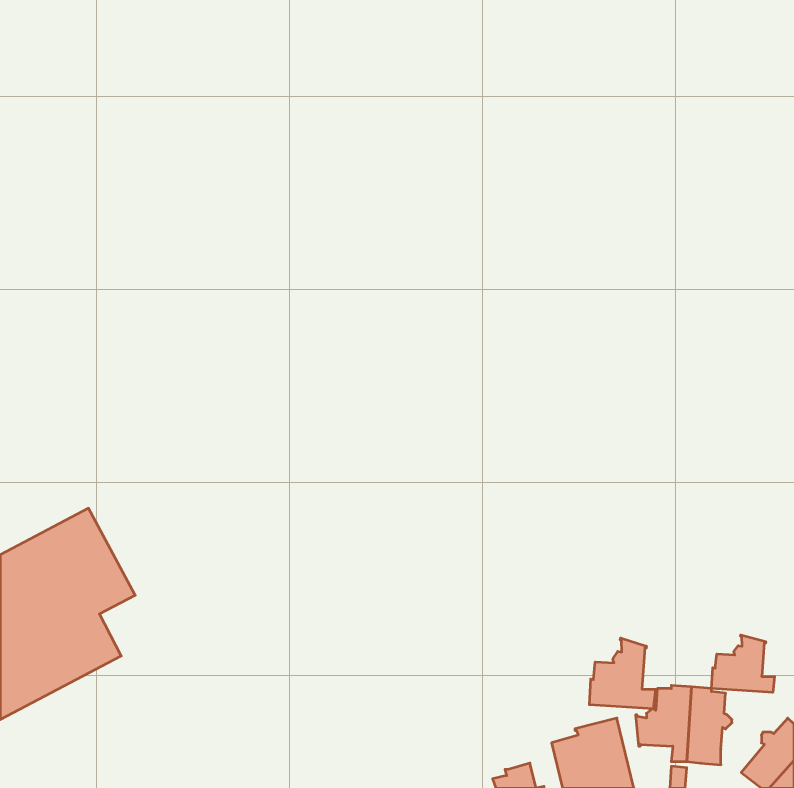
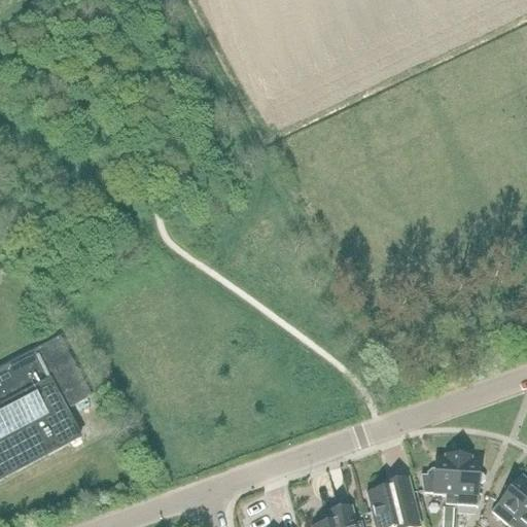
building: [712,635,775,692] -> none
building: [589,638,655,709] -> none

